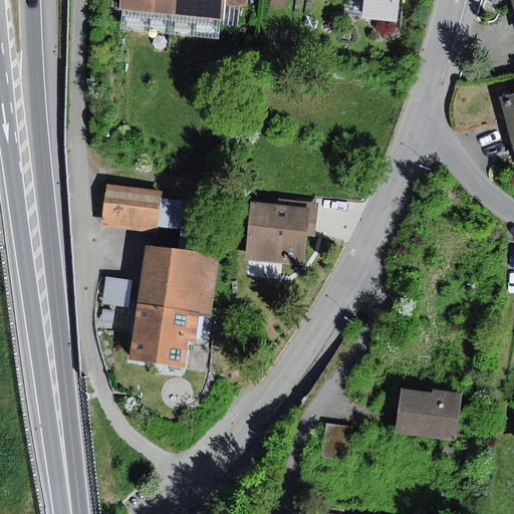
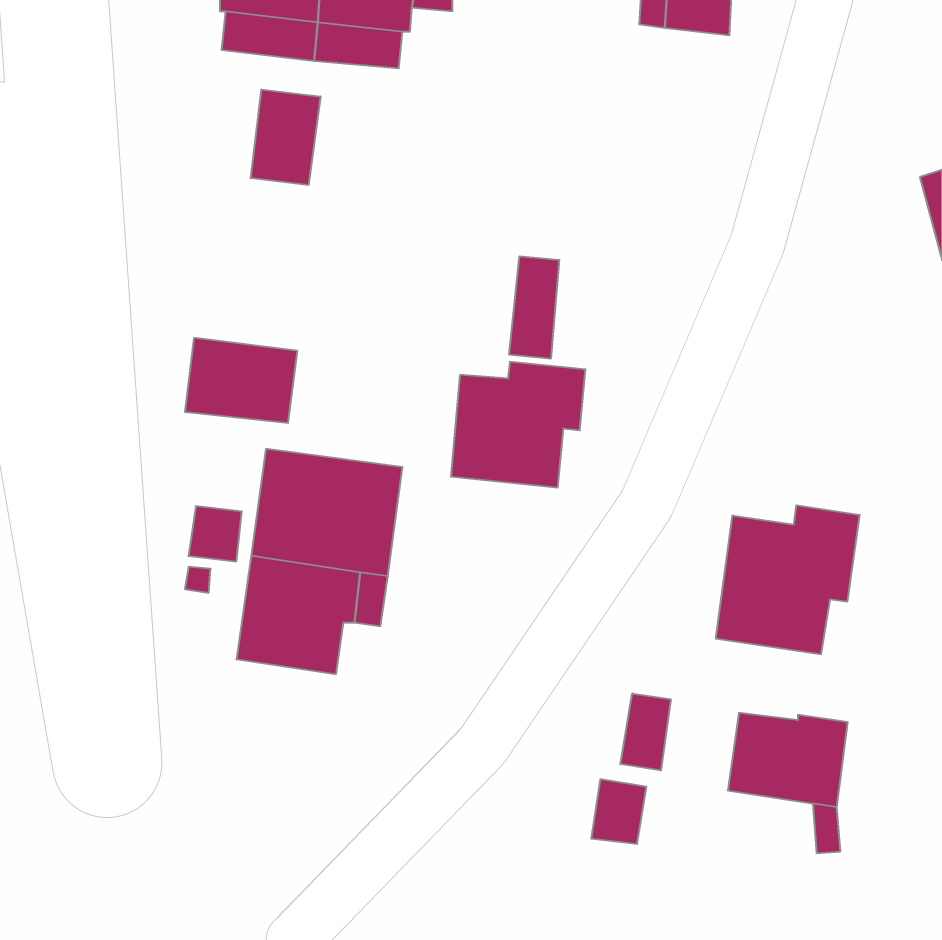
building: none -> [251,89,321,185]
building: none -> [509,256,559,359]
building: none -> [716,505,860,654]
building: none -> [620,693,671,771]

